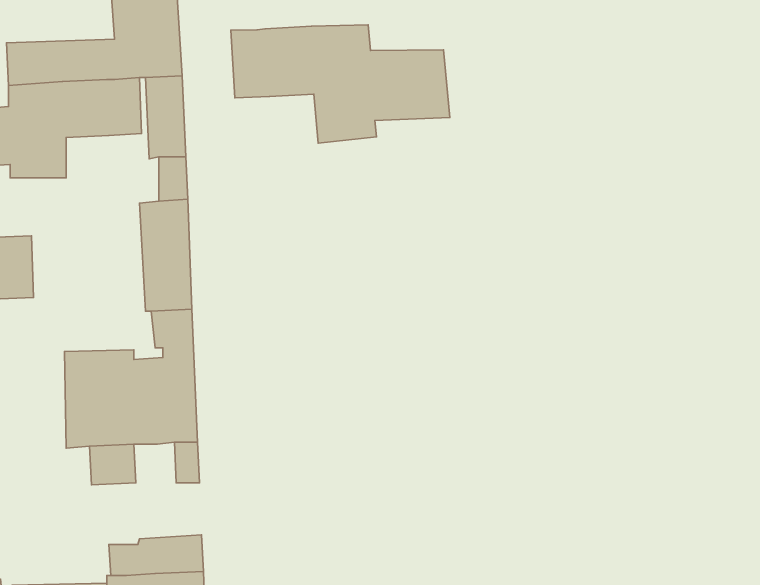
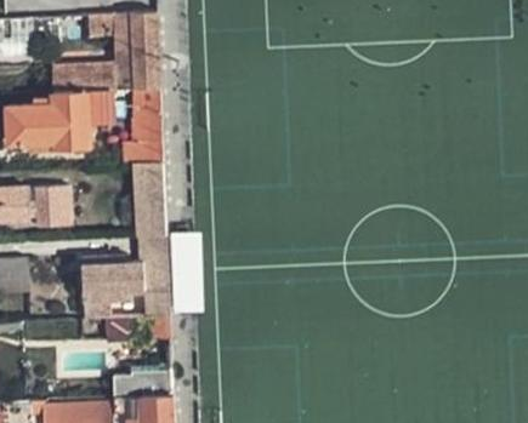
building: [231,25,450,143] -> none

